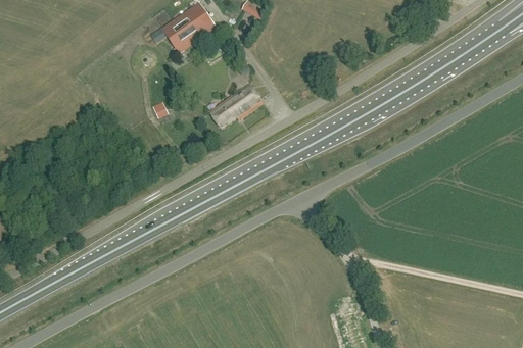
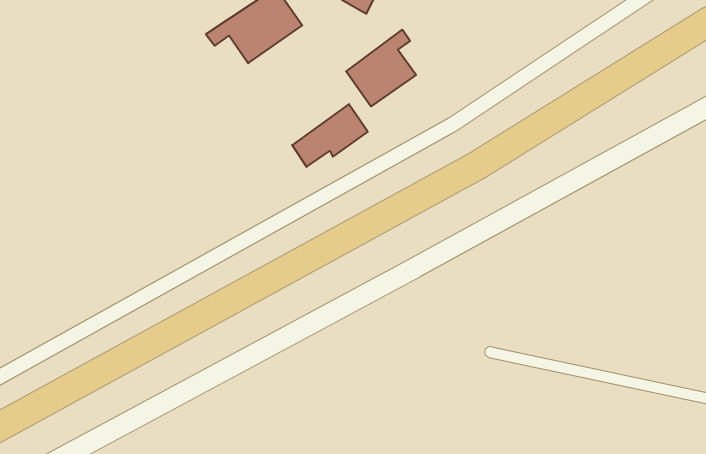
building: none -> [346,30,416,106]

